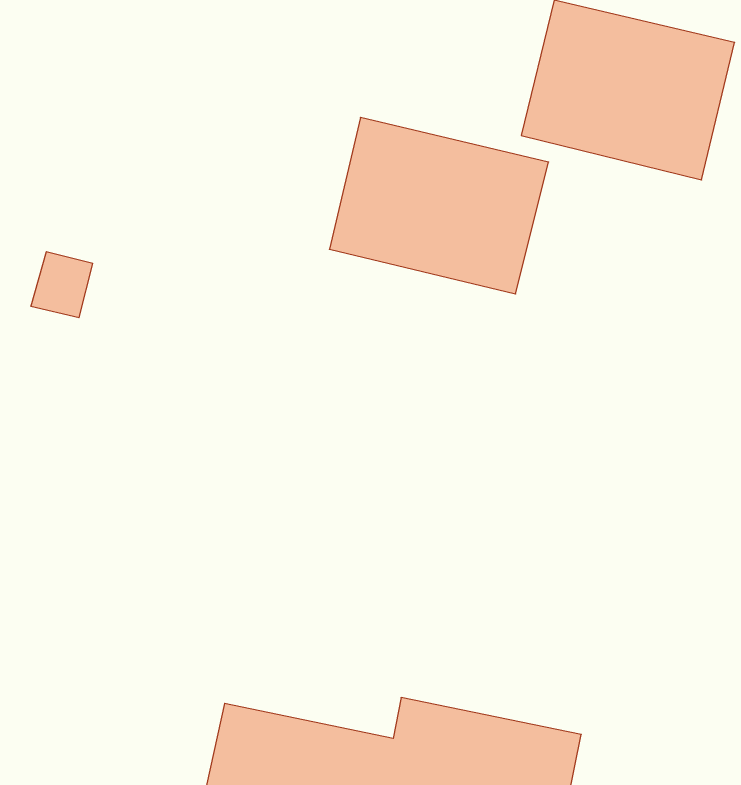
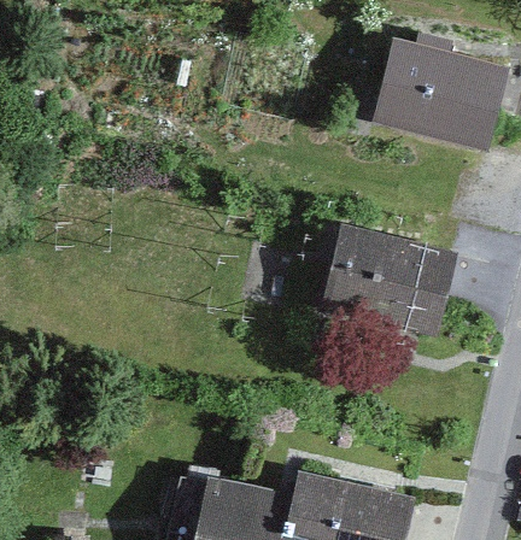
building: [329,117,549,294] -> [320,225,456,335]

